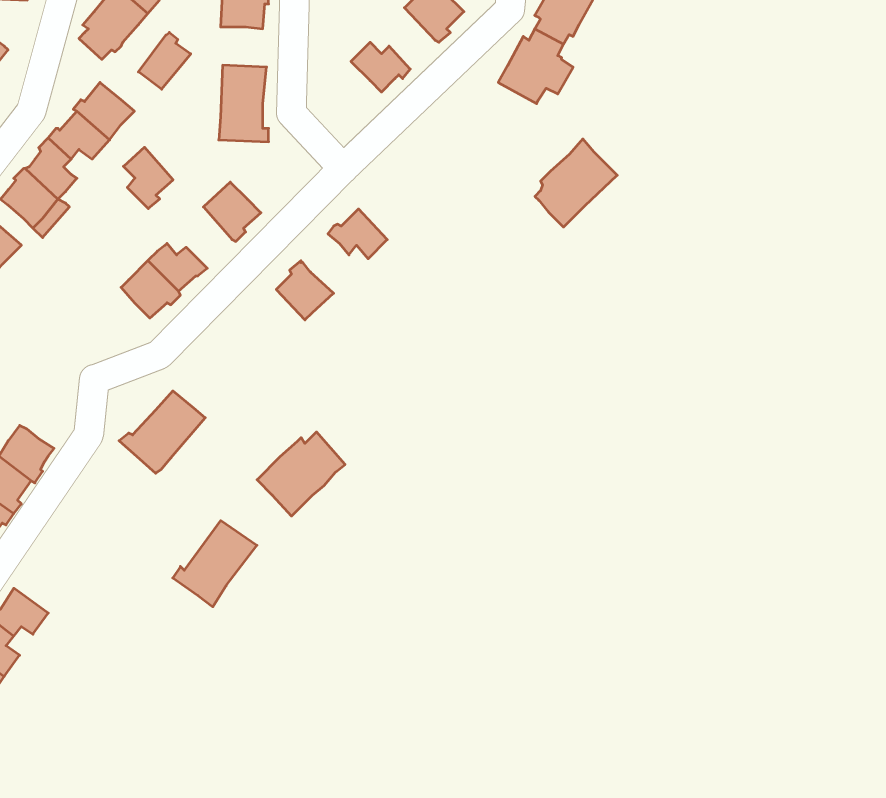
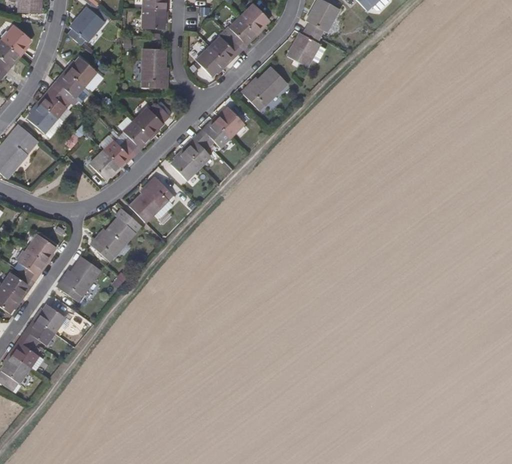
building: none -> [229,17,254,49]
building: [138,32,191,89] -> none
building: none -> [196,45,228,75]
building: [535,139,617,227] -> [244,65,287,111]
building: [123,147,173,209] -> [122,121,148,153]
building: none -> [212,109,243,138]
building: none -> [185,135,210,166]
building: [257,432,345,516] -> [126,178,172,222]
building: [173,521,257,607] -> [56,256,100,301]
building: none -> [32,304,70,333]

